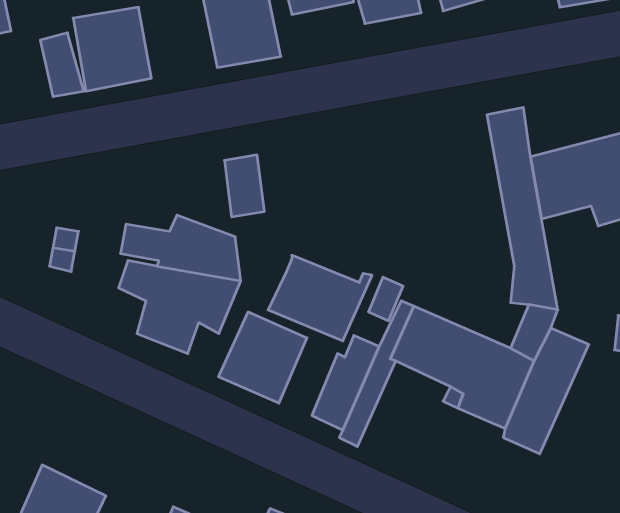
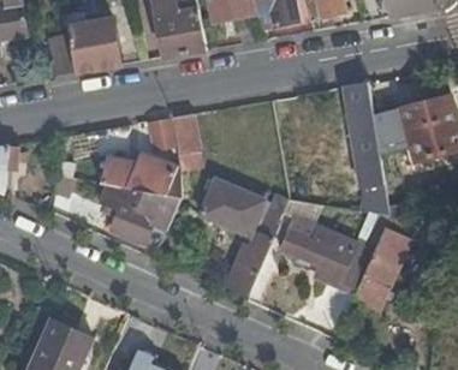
building: [219,312,307,403] -> none

